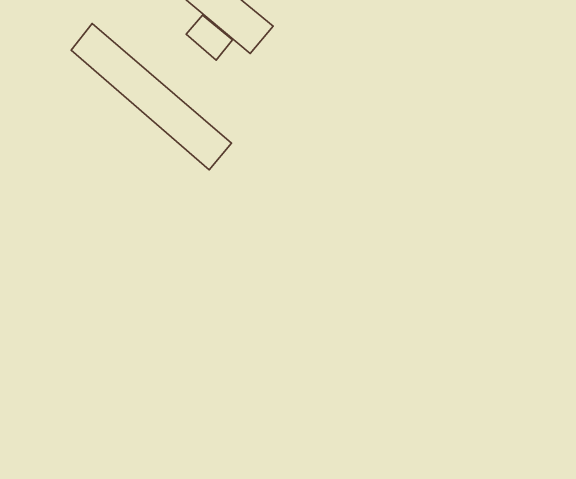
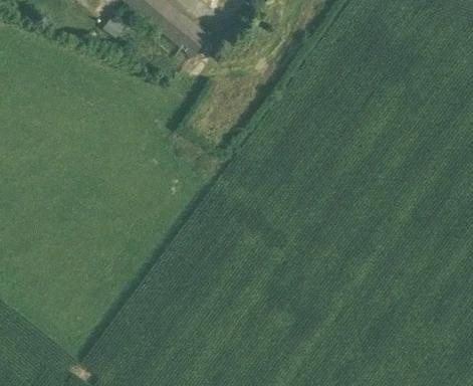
building: [71,24,232,170] -> none

